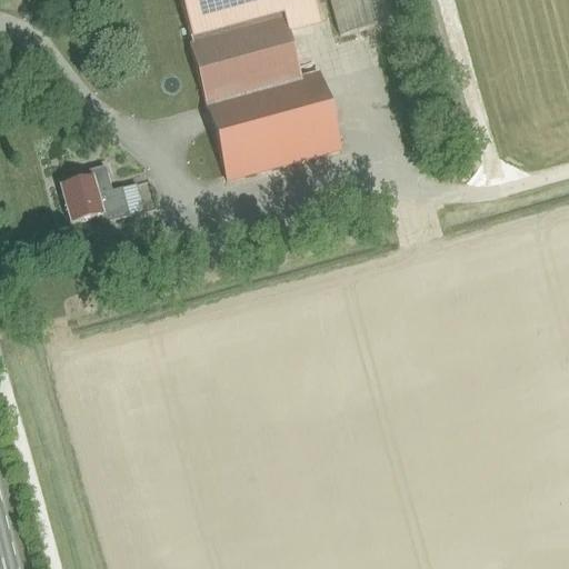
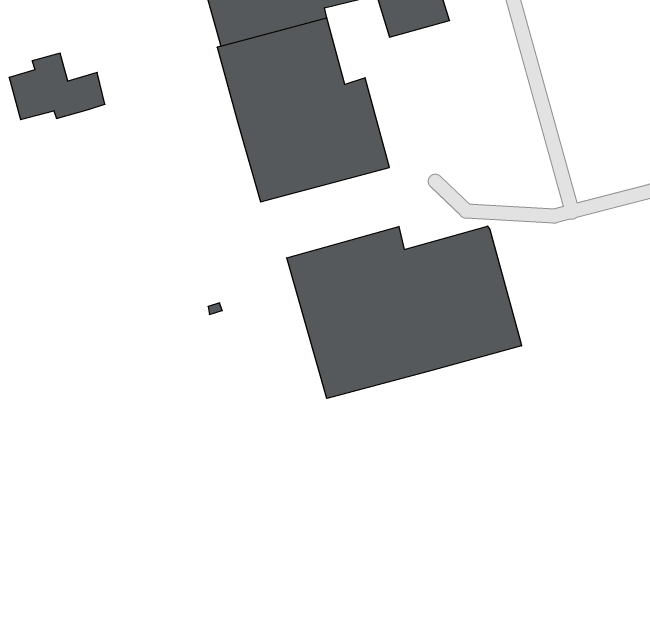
building: [61,161,144,219] -> [9,53,105,120]
building: none -> [287,226,521,398]

